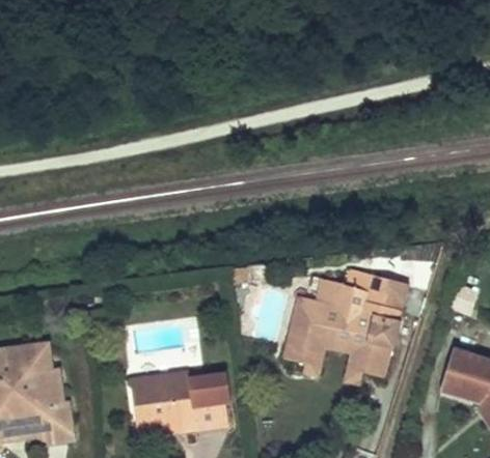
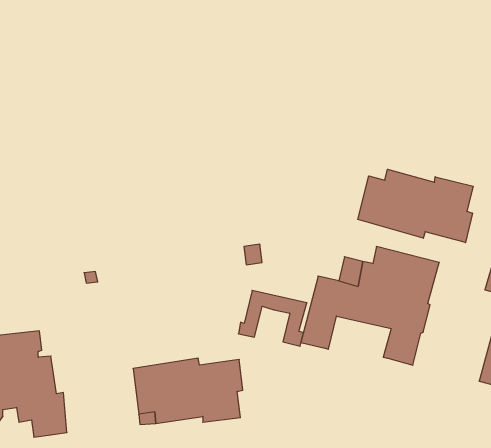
building: none -> [358,169,473,243]
building: [302,332,364,382] -> [238,290,307,346]

